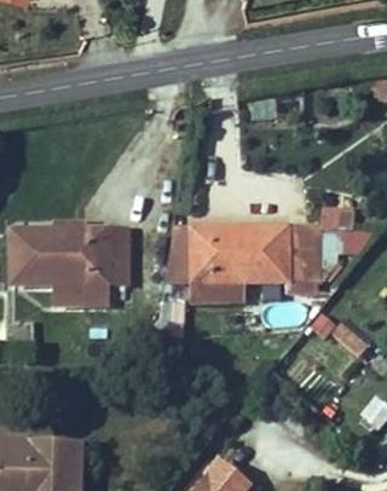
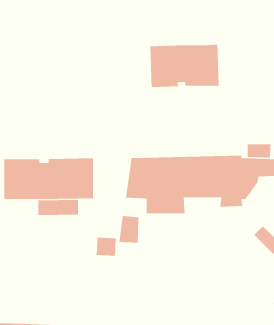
building: none -> [149,44,220,88]

